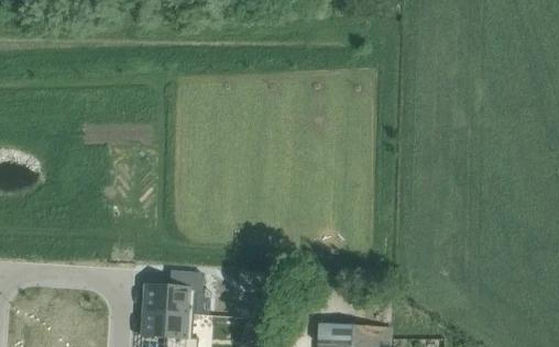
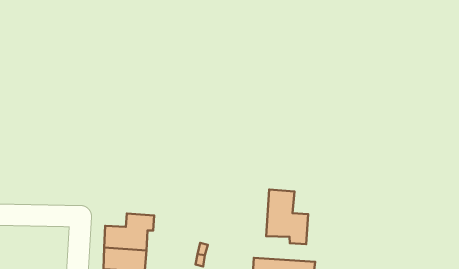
building: none -> [266,189,308,244]

